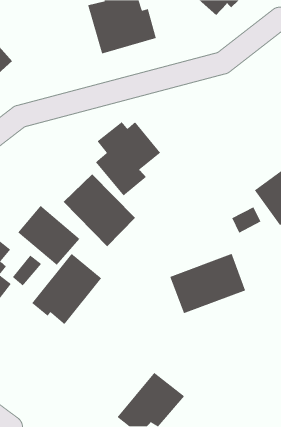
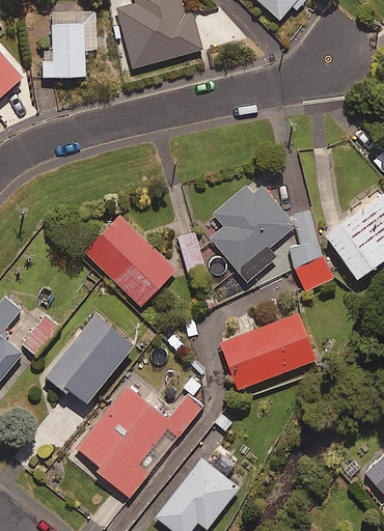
building: none -> [43,10,97,77]
building: [95,121,161,197] -> [210,189,292,282]
building: [17,205,81,266] -> none
building: none -> [78,386,202,497]

